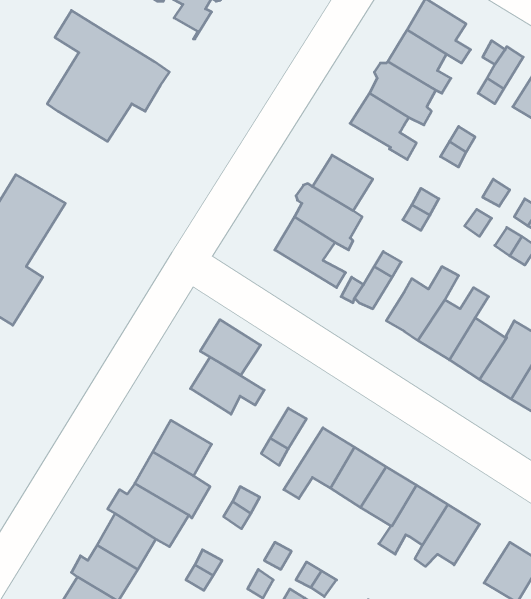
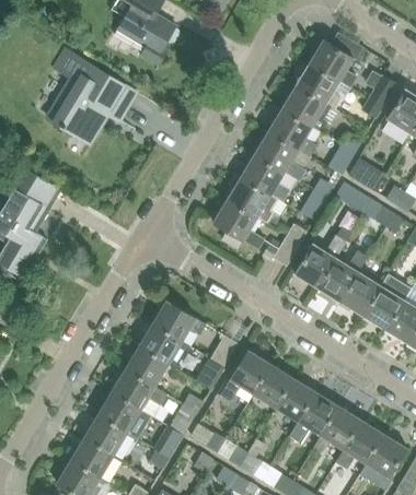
building: none -> [255,131,305,181]
building: [200,320,261,375] -> [138,323,182,364]
building: none -> [335,422,384,470]

